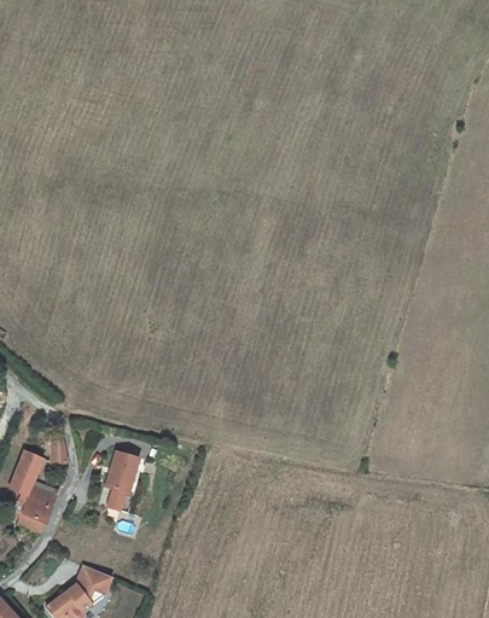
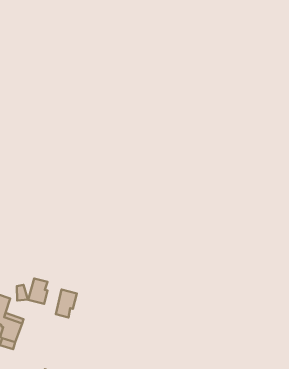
building: none -> [28,278,48,304]

